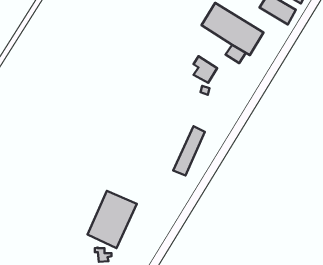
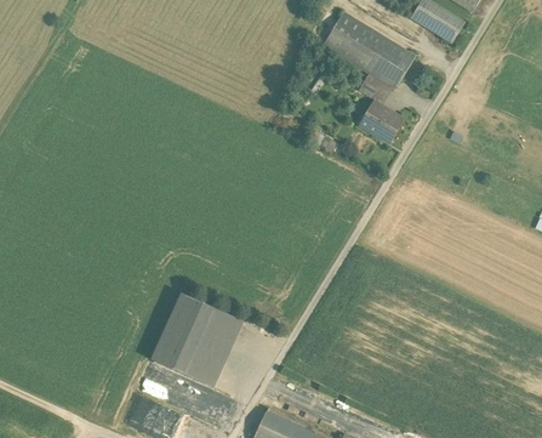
building: [194,56,217,83] -> [366,102,401,142]
building: [173,126,205,175] -> [194,313,241,387]

